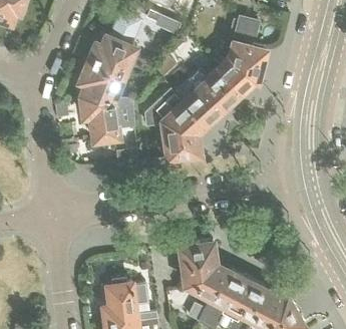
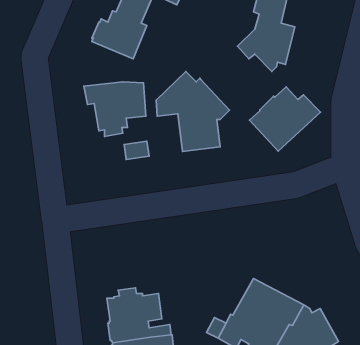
building: [79,61,124,100] -> none
building: [184,65,246,121] -> [250,87,321,151]
building: [181,241,230,301] -> none

